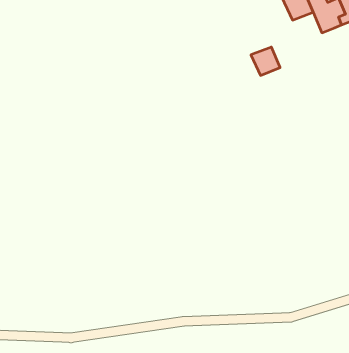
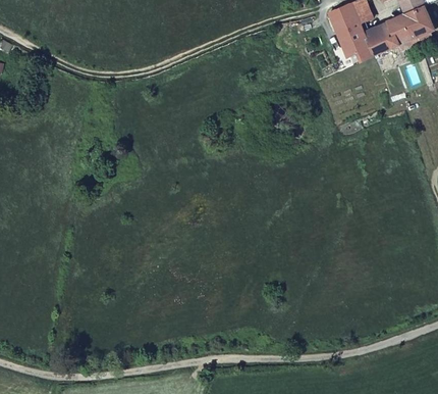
building: [251,47,280,75] -> [340,36,371,65]

